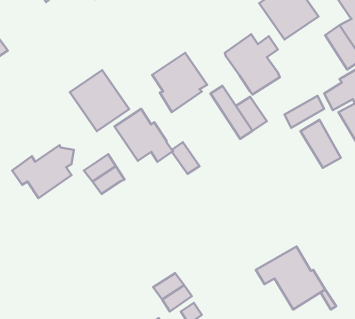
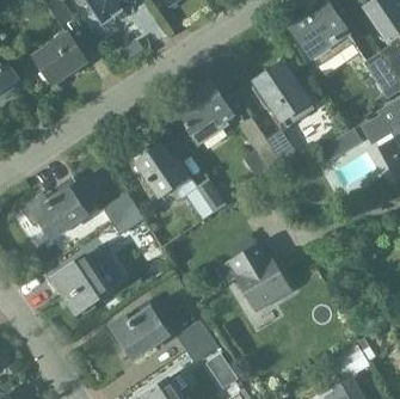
building: none -> [31,30,87,85]
building: [70,70,129,131] -> none
building: [301,120,341,168] -> none
building: none -> [51,244,124,313]
building: [256,247,325,309] -> [215,243,290,311]
building: none -> [110,305,170,358]

